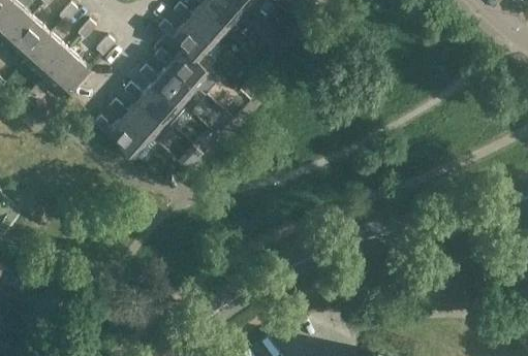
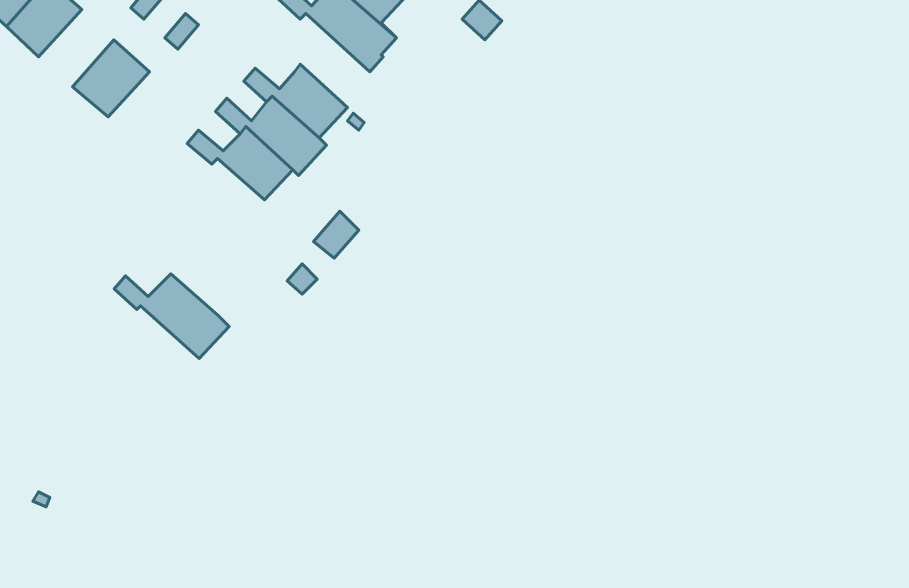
building: [27,33,68,75] -> none
building: [154,46,212,87] -> none
building: [94,115,157,161] -> [114,274,229,359]

